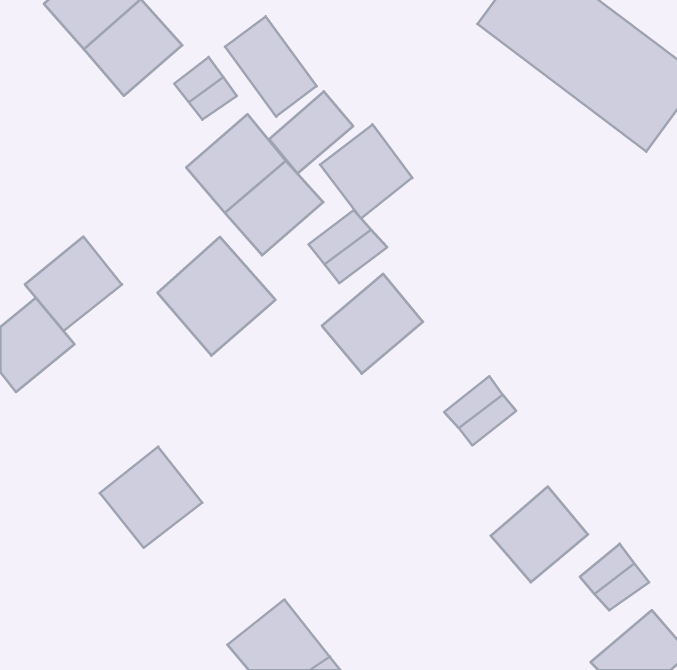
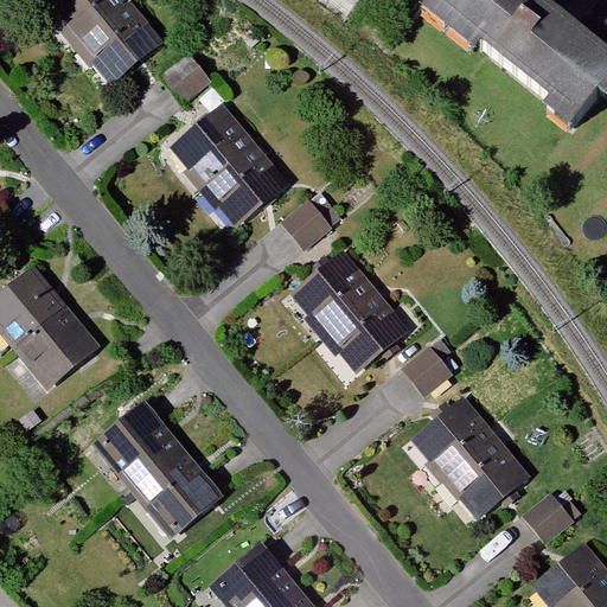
building: [225,16,317,117] -> none
building: [269,91,353,174] -> none
building: [320,124,412,218] -> none
building: [25,237,122,331] -> [17,307,103,391]
building: [158,237,275,356] -> none
building: none -> [325,287,415,375]
building: none -> [405,394,491,478]
building: none -> [130,448,219,536]

